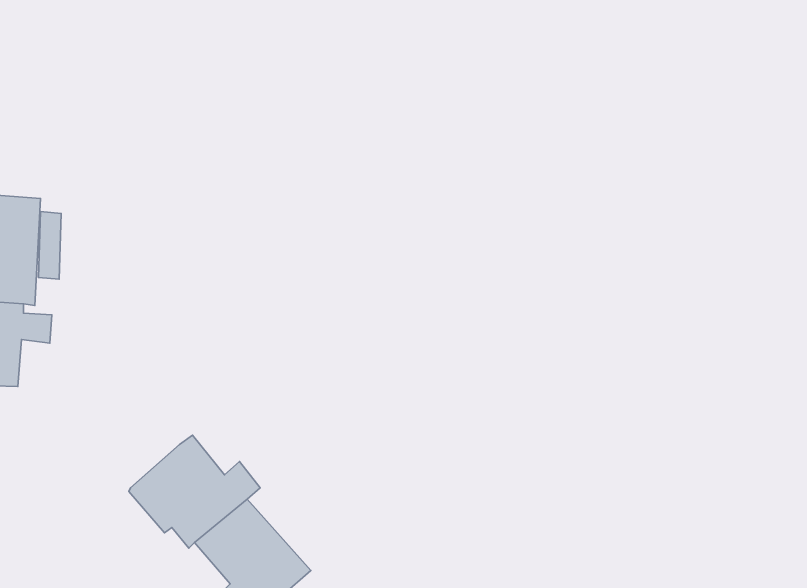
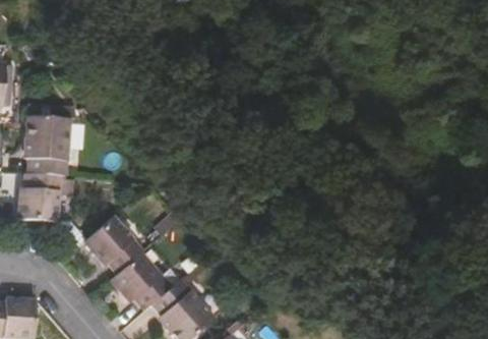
building: none -> [82,217,142,274]

